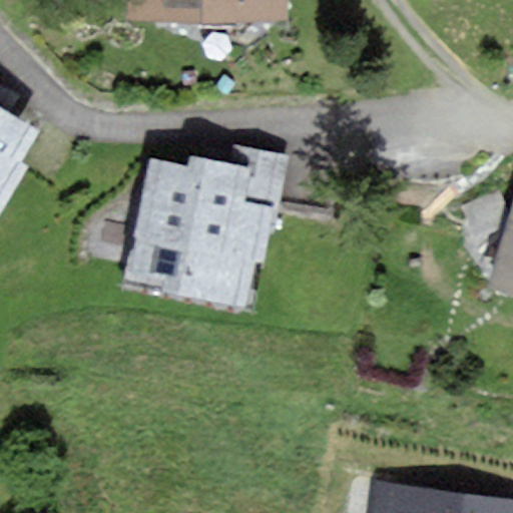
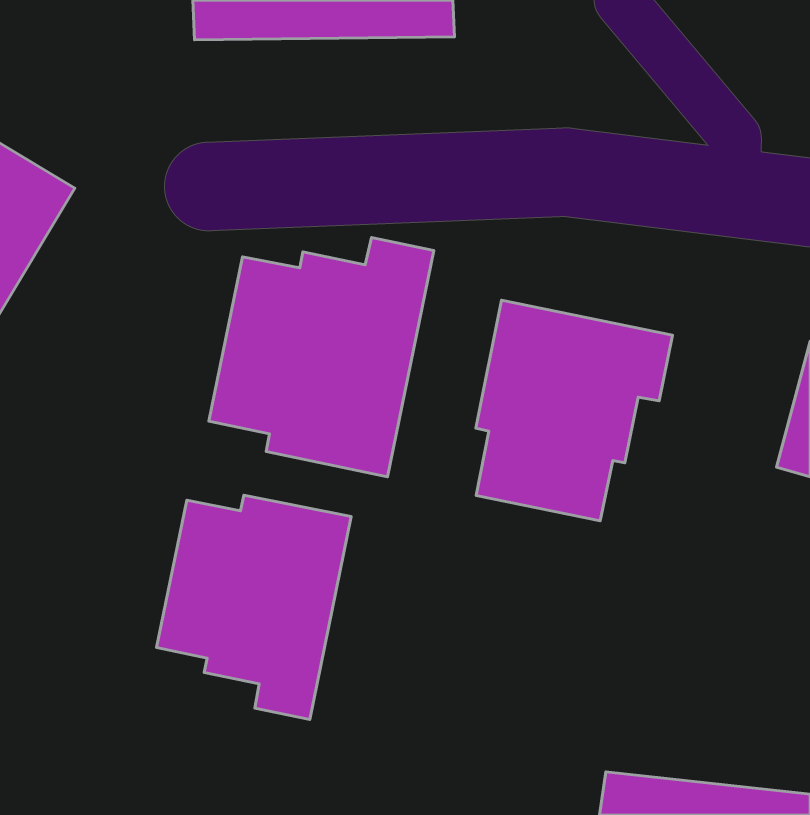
building: none -> [476,300,672,521]
building: none -> [157,495,351,720]

